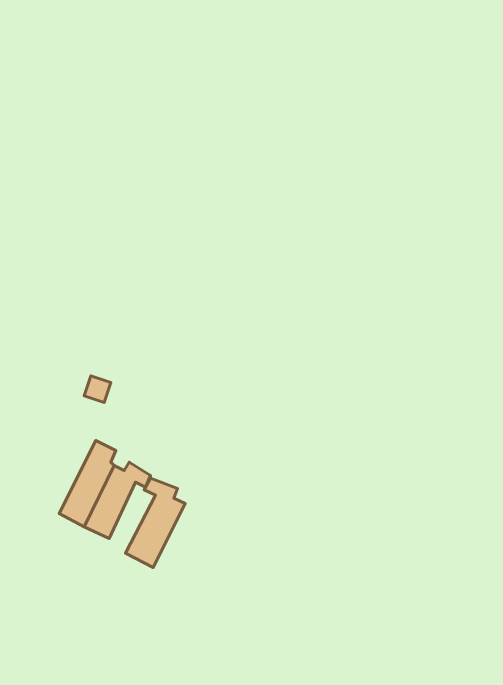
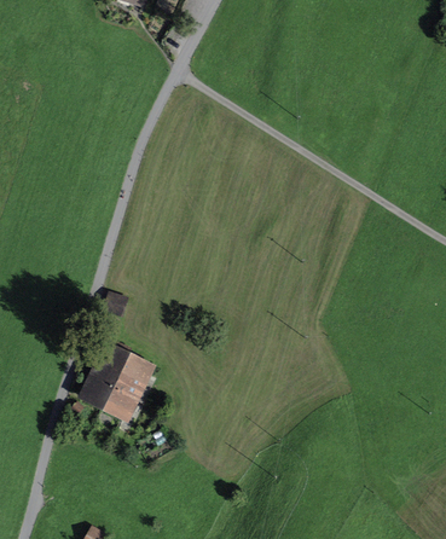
building: [125,478,185,568] -> none

